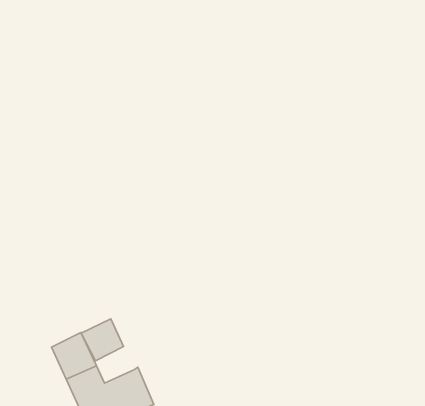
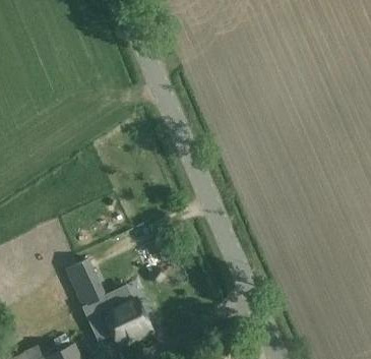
building: [81,319,124,361] -> none

